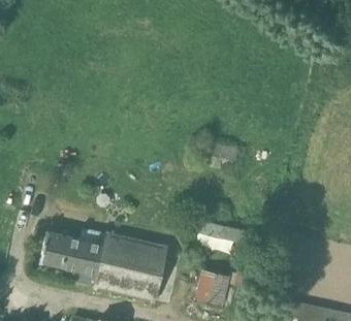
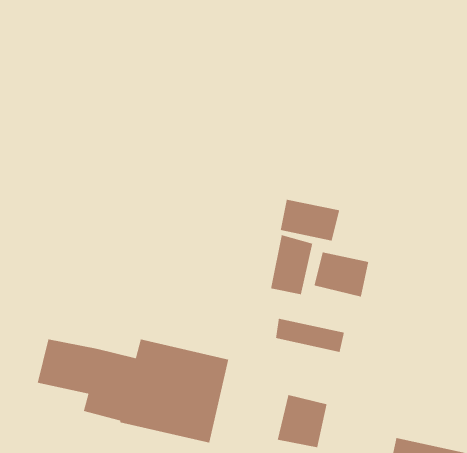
building: none -> [270,234,313,295]
building: none -> [313,251,369,298]

